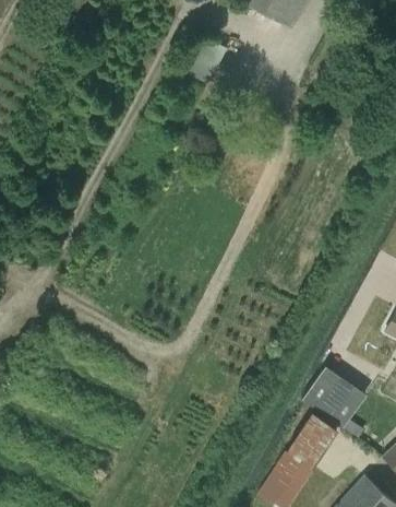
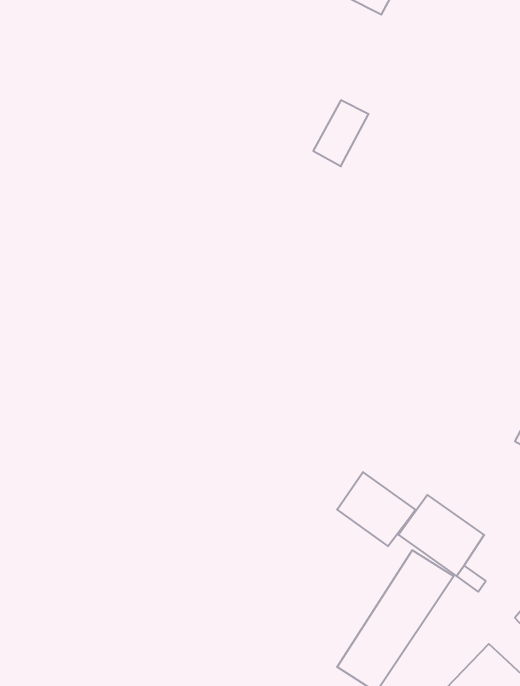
building: [188,36,227,83] -> [313,100,369,166]
building: none -> [337,472,416,546]

